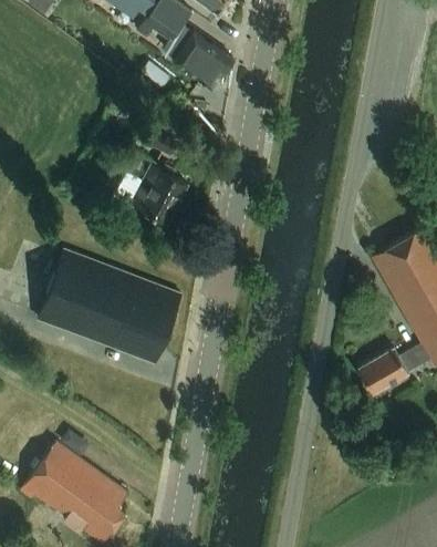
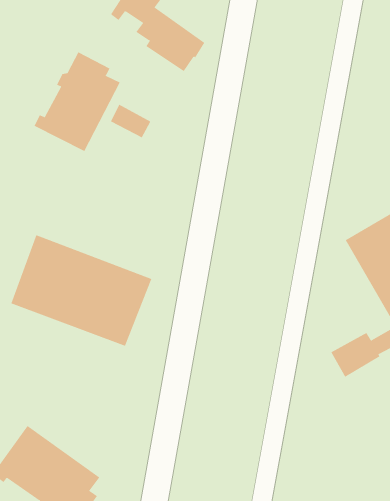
building: none -> [34,52,121,152]
building: [132,165,187,223] -> none

